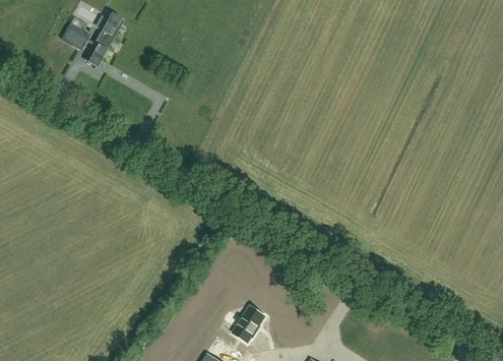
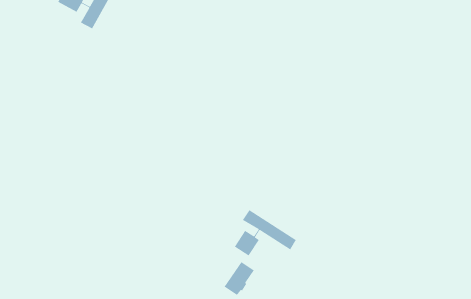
building: none -> [234,209,297,257]

